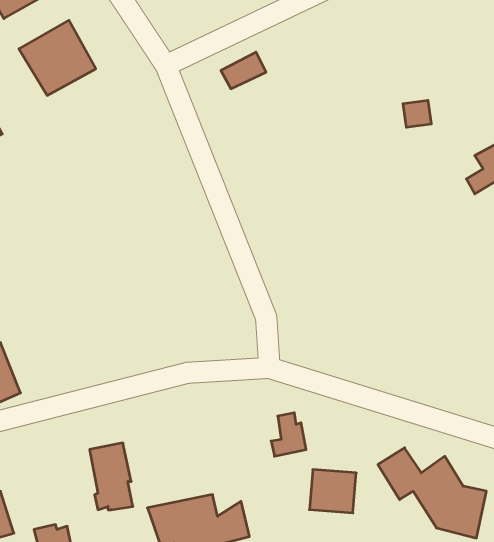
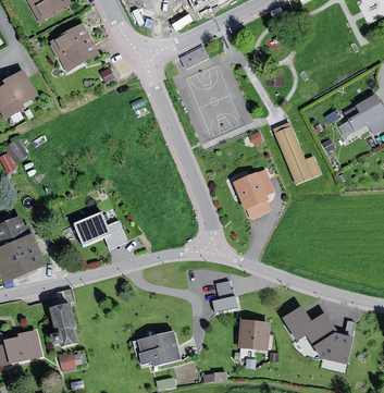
building: none -> [274,124,319,183]
building: none -> [234,171,273,220]
building: none -> [74,211,128,249]
building: [90,443,133,510] -> [50,304,78,347]

